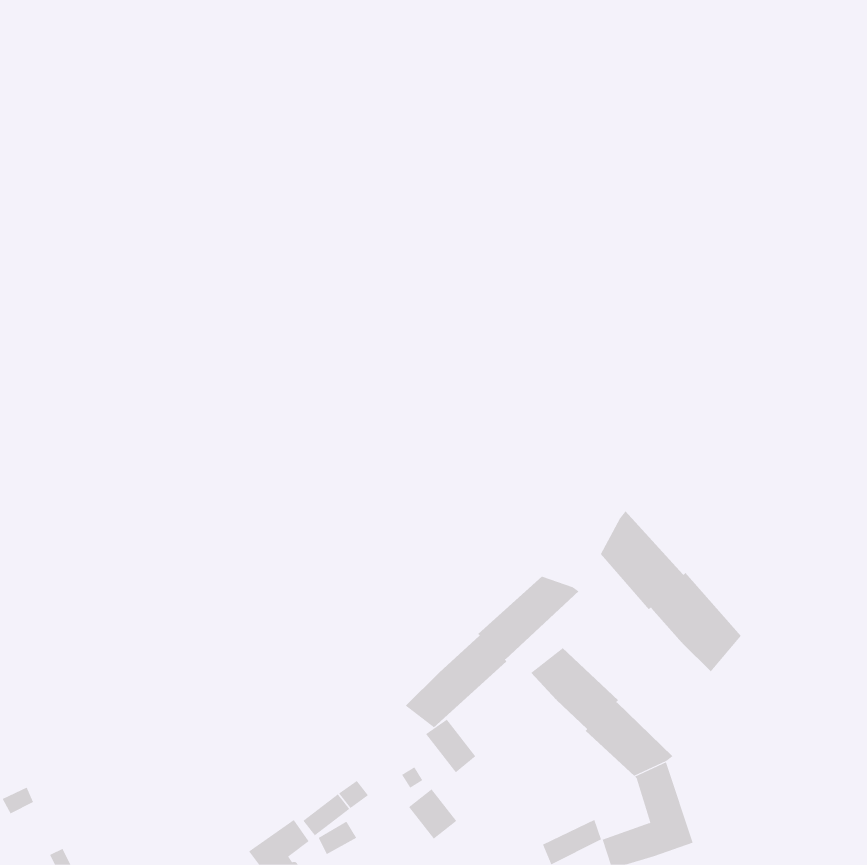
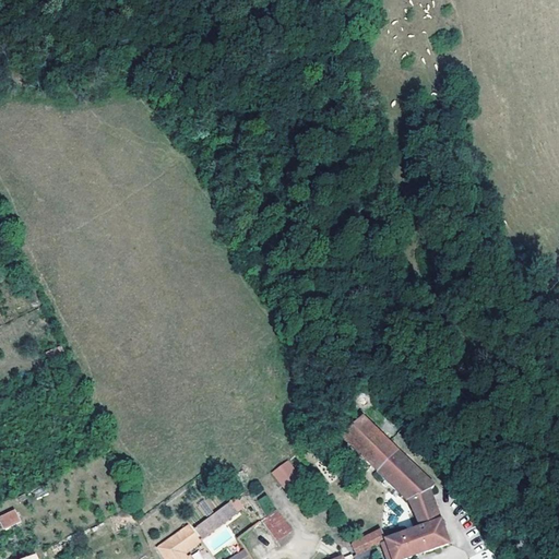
building: [600,510,741,672] -> none
building: [405,576,580,728] -> none

